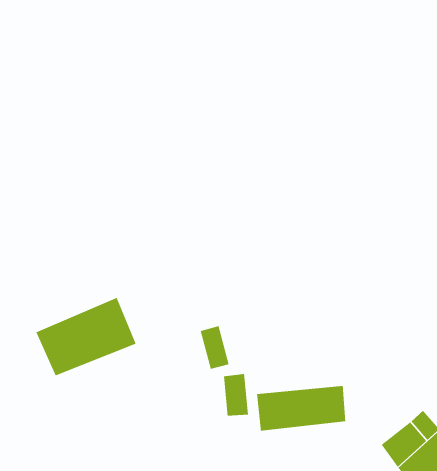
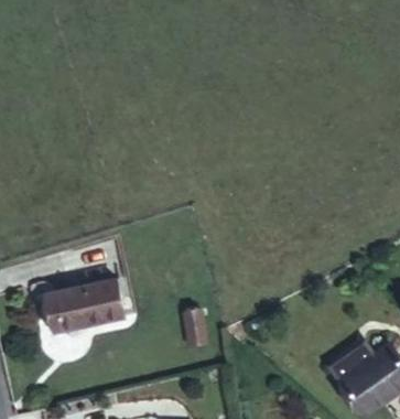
building: [256,385,346,432] -> none

